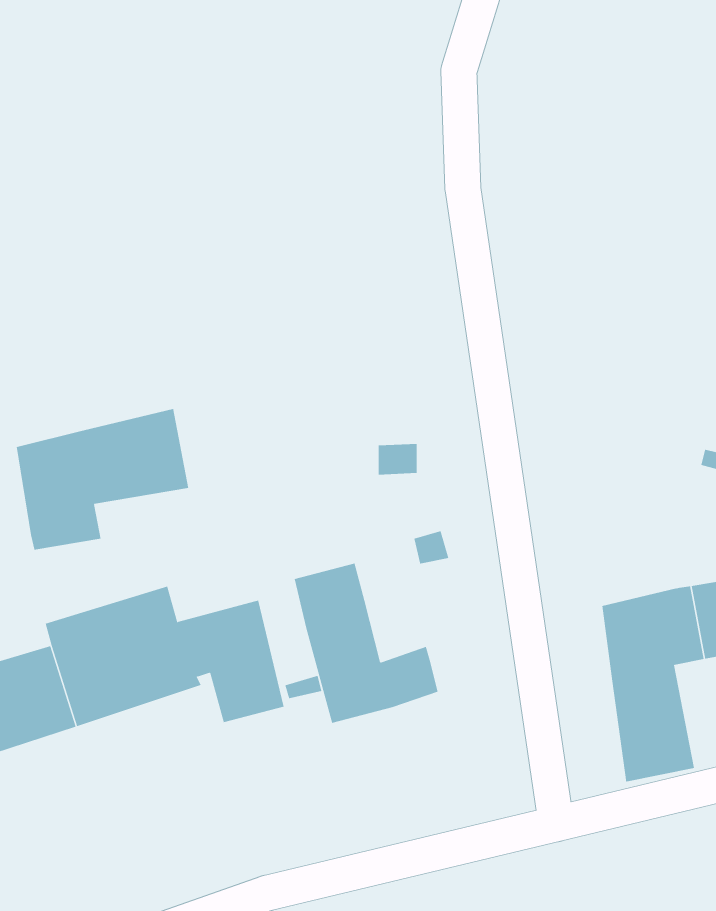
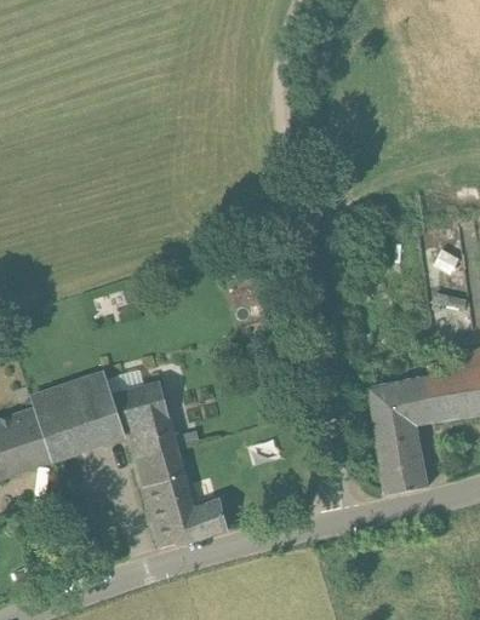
building: [16,408,189,551] -> none
building: [294,563,438,723] -> [138,449,227,547]

